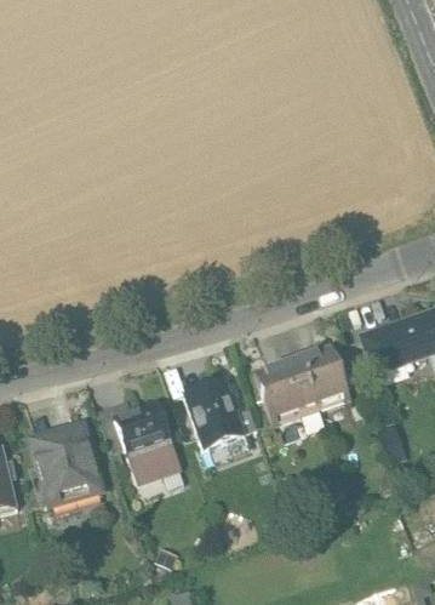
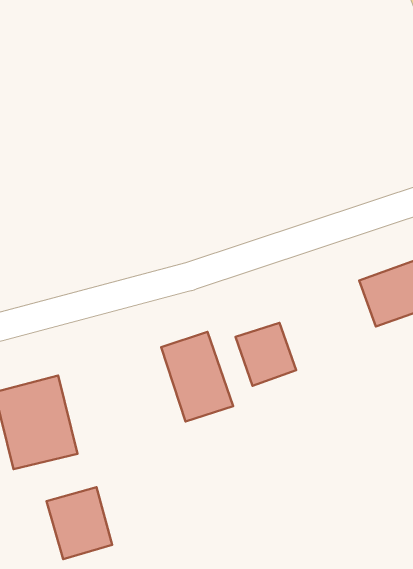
building: [293,350,349,410] -> none
building: [120,418,182,486] -> [47,487,112,559]

